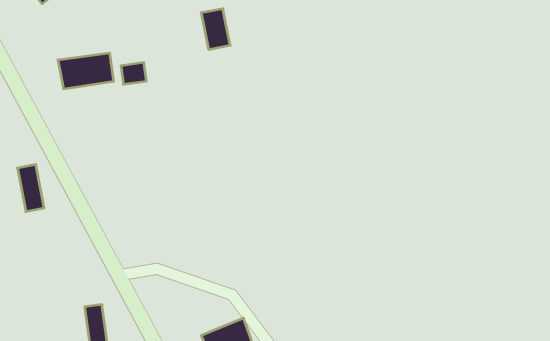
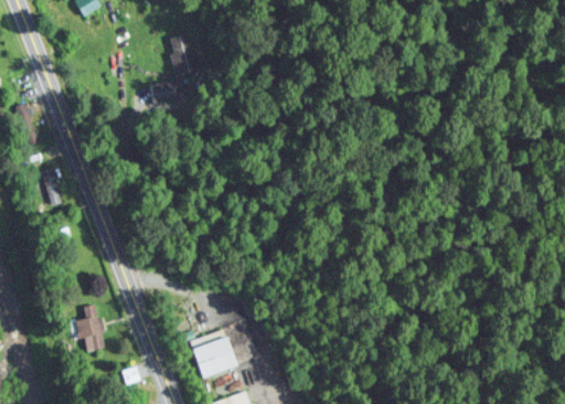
building: [201,9,230,49] -> [170,36,193,73]
building: [58,53,113,89] -> none

